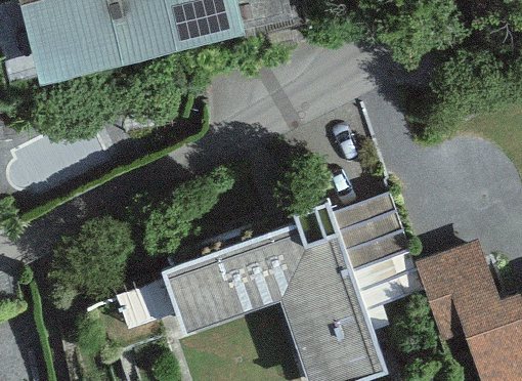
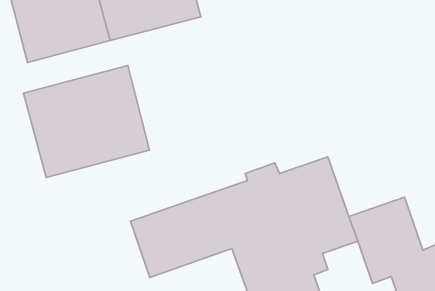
building: none -> [23,65,150,177]

